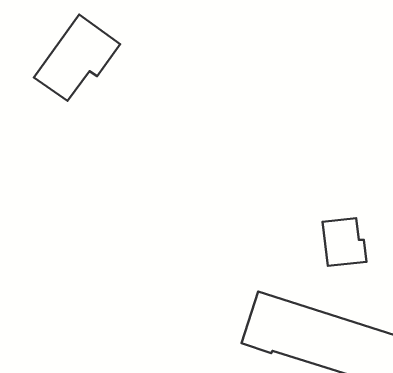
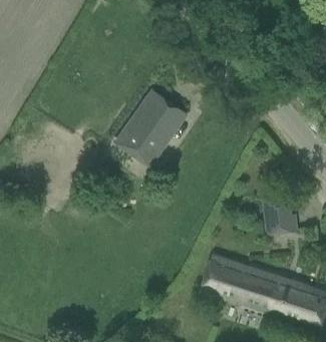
building: [34,14,120,101] -> [116,91,184,158]

